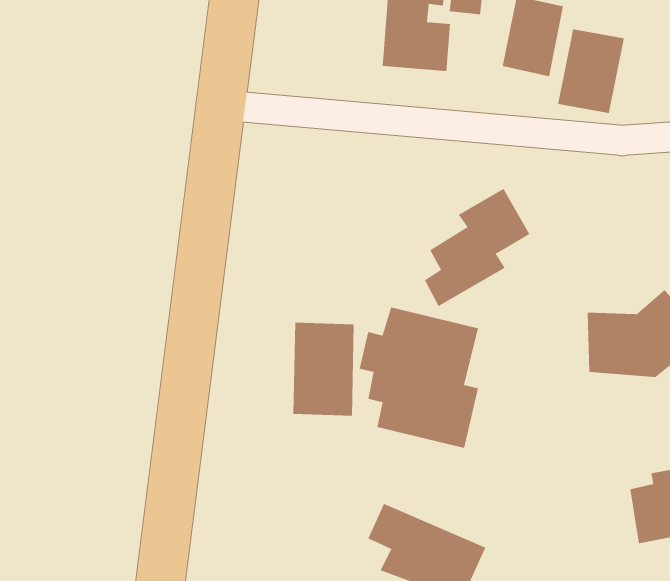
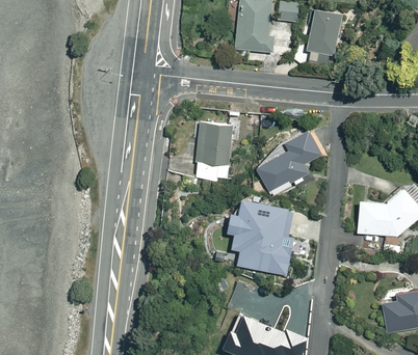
building: [557,28,624,114] -> none
building: [293,322,355,416] -> [194,120,231,175]

